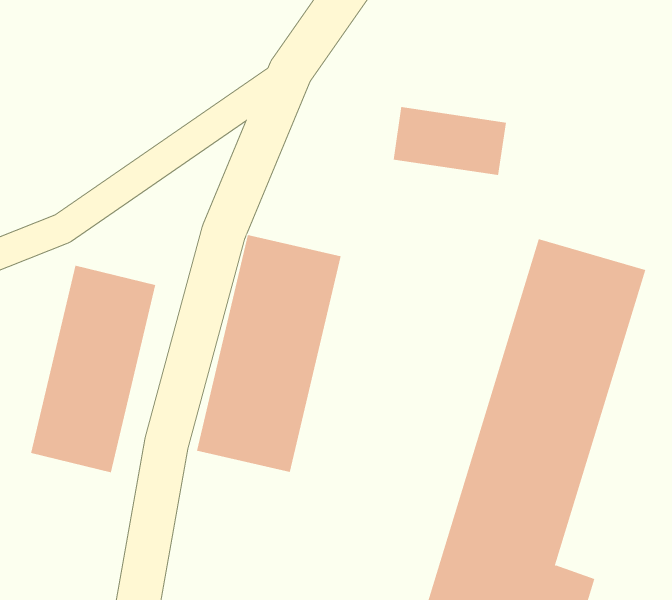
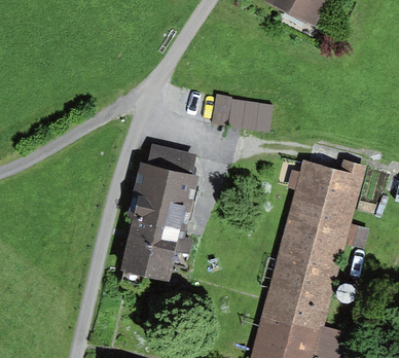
building: [31,265,156,473] -> none

